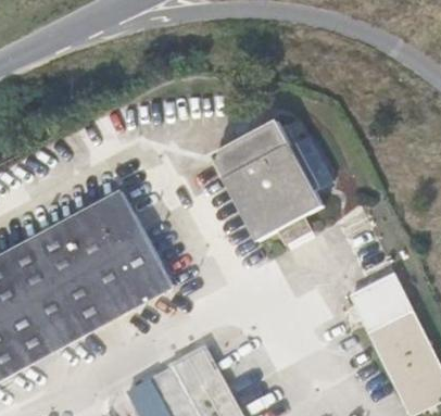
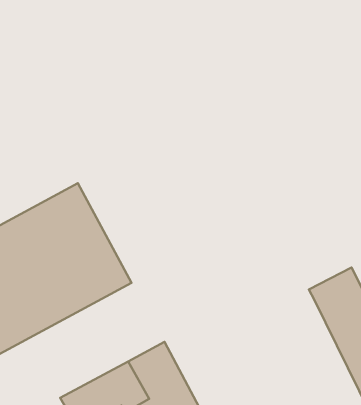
building: [212,119,325,244] -> none

